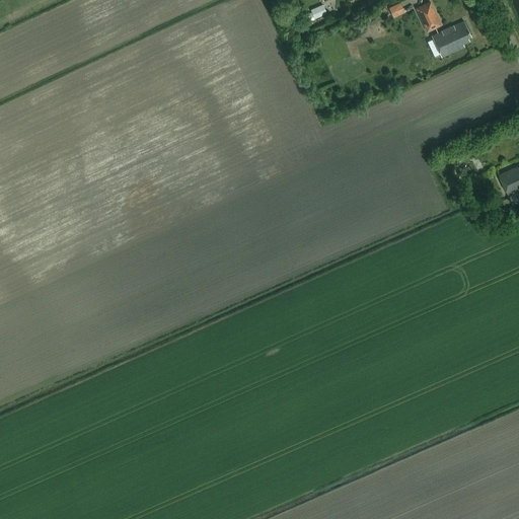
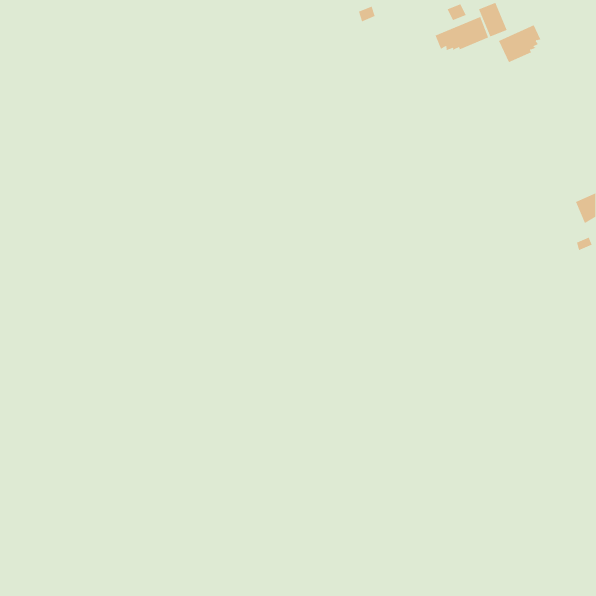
building: none -> [435,16,489,51]

